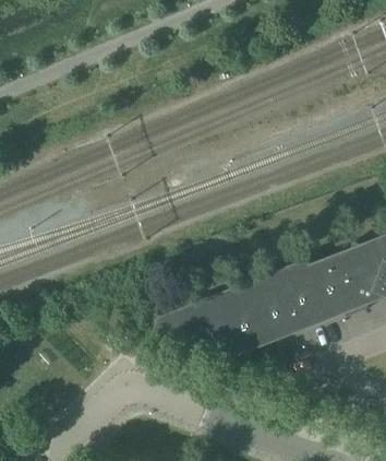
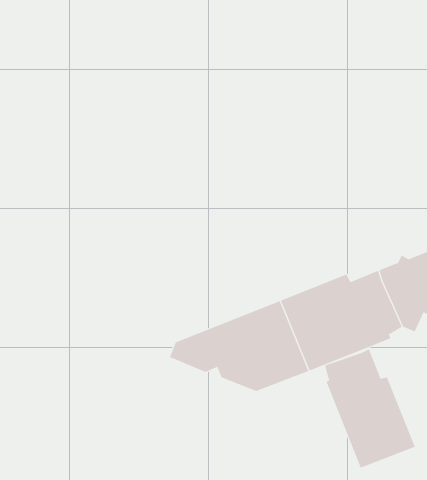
building: none -> [325,348,416,468]

